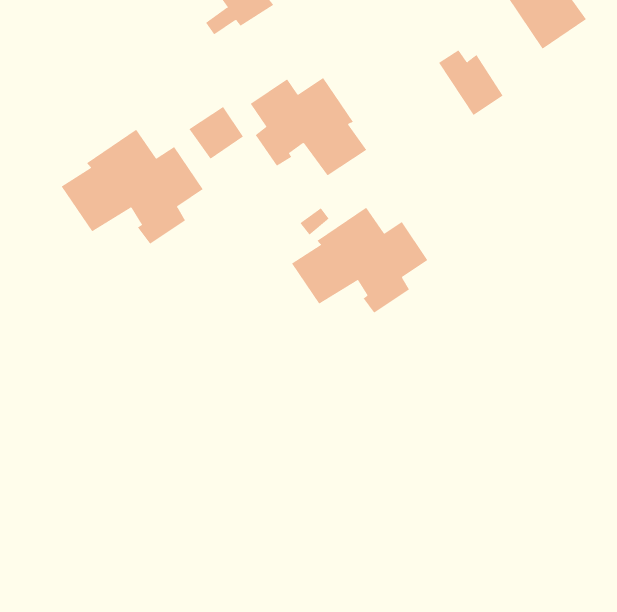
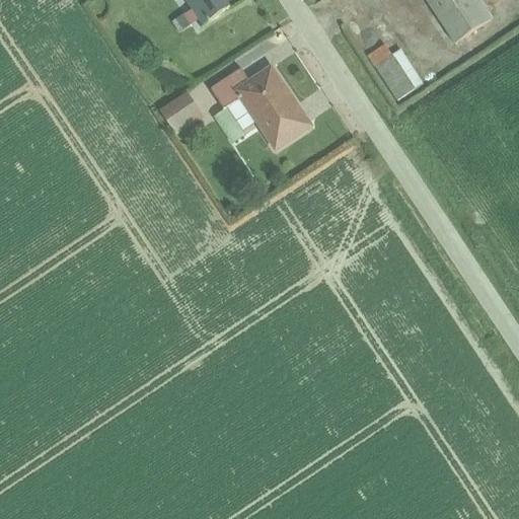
building: [61,129,204,244] -> none
building: [291,207,428,313] -> none

